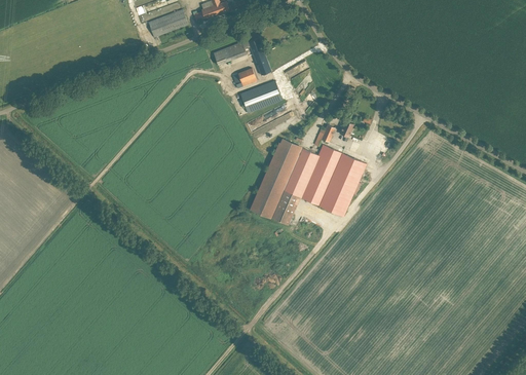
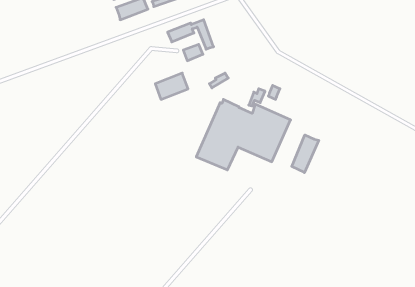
building: [240,80,281,113] -> [155,73,188,99]
building: none -> [292,135,319,173]

